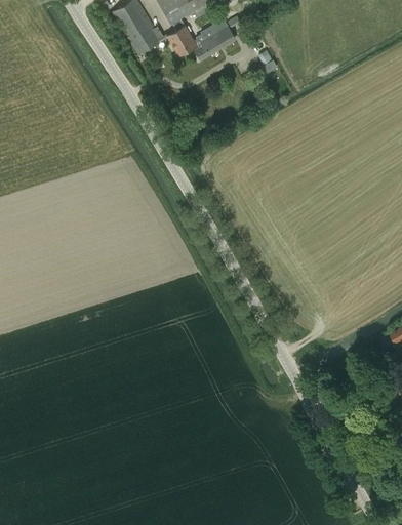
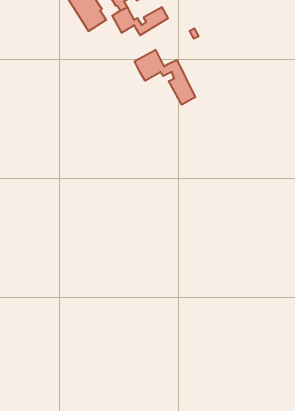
building: none -> [135,50,195,105]

